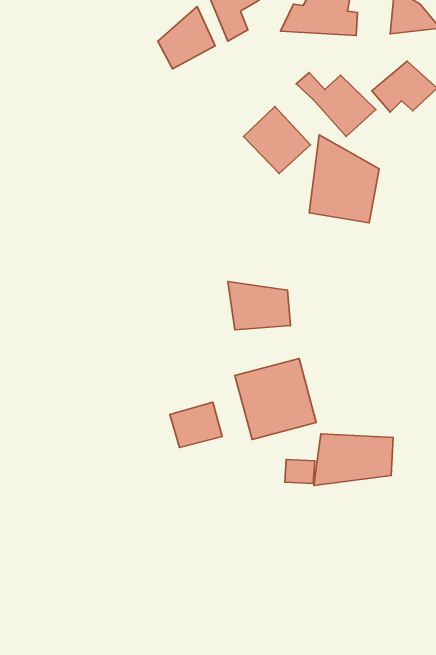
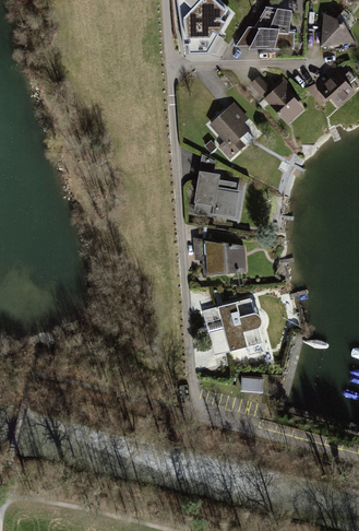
building: [158,7,215,69] -> none
building: [309,135,379,223] -> [193,154,247,222]
building: [170,402,222,448] -> none
building: [314,434,393,486] -> none

